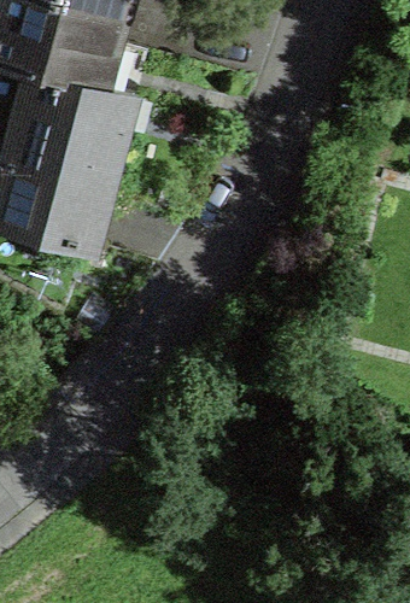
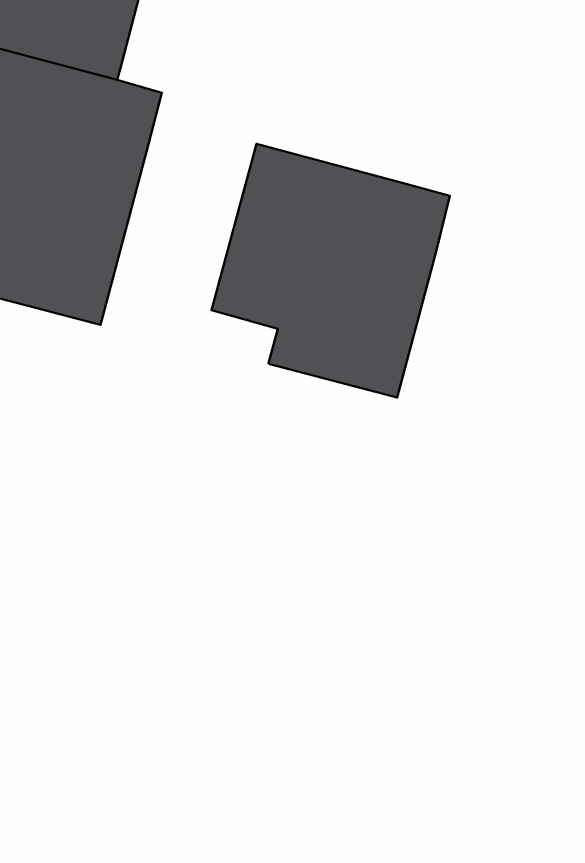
building: none -> [211,144,450,398]

